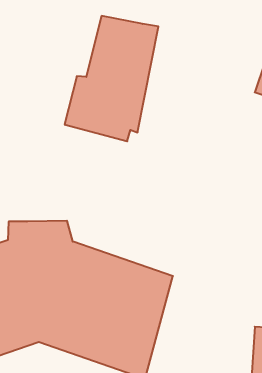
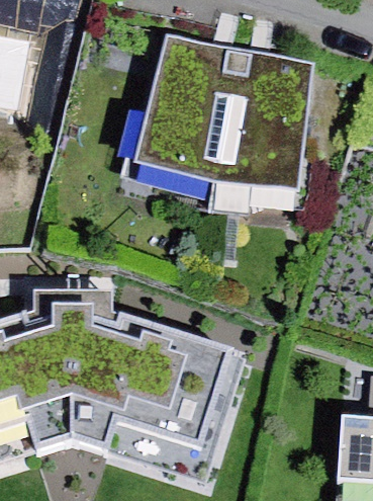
building: none -> [211,46,308,188]

